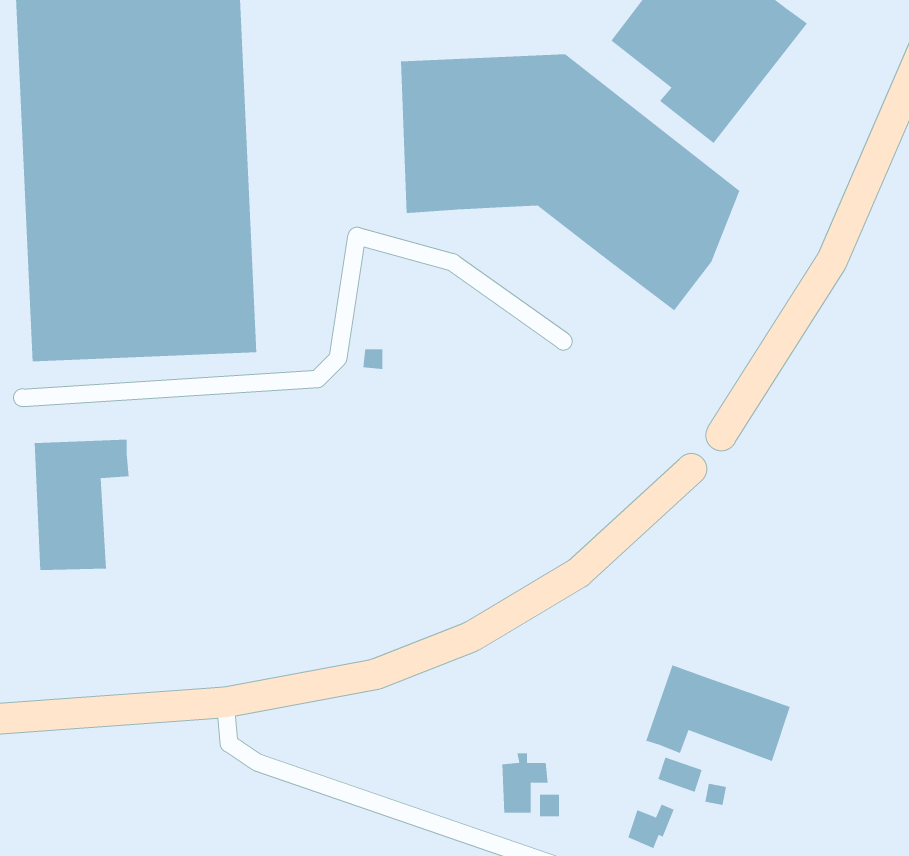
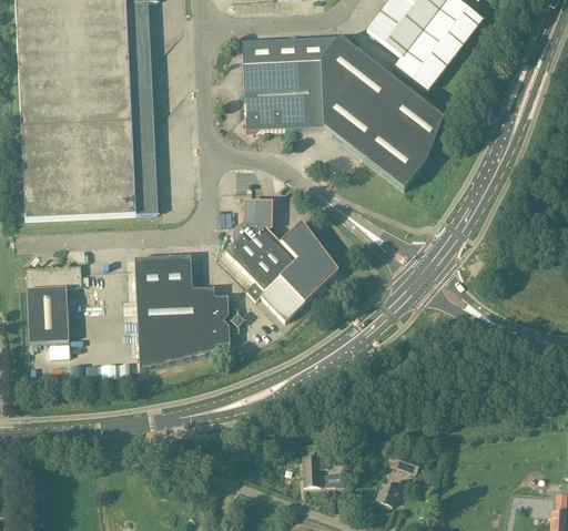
building: none -> [233,198,338,320]
building: none -> [134,253,244,367]
building: [645,665,791,762] -> none

